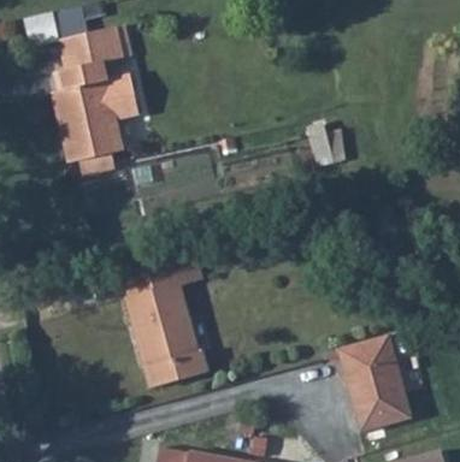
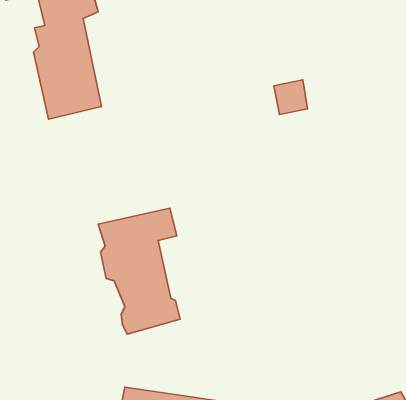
building: [329,337,405,434] -> none

